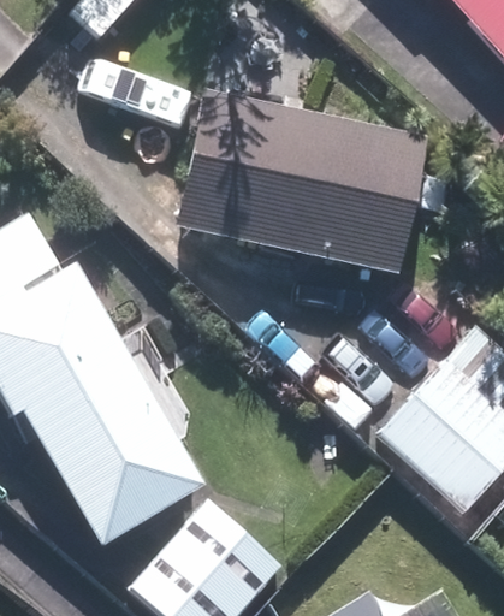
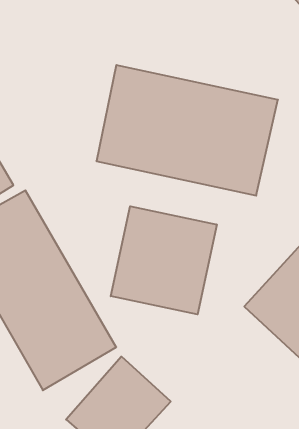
building: none -> [111,206,217,314]

